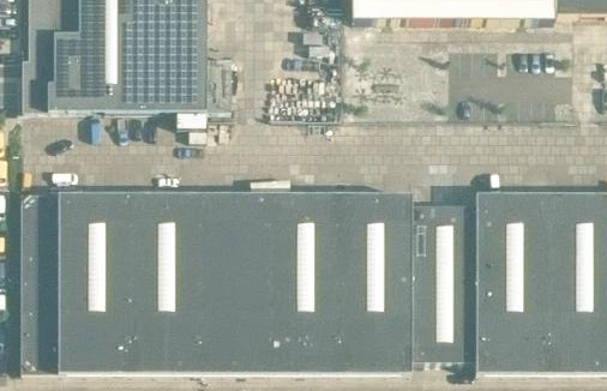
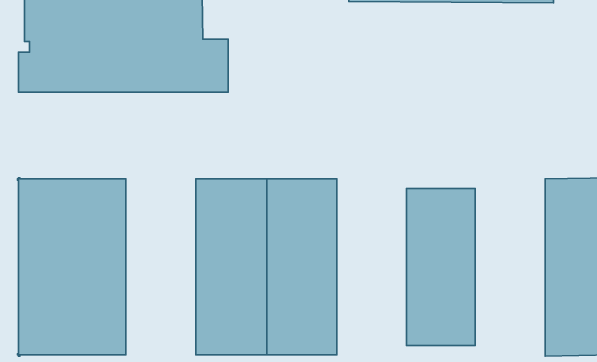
building: [131,194,200,369] -> none
building: [341,194,410,371] -> none
building: [479,194,548,371] -> none

